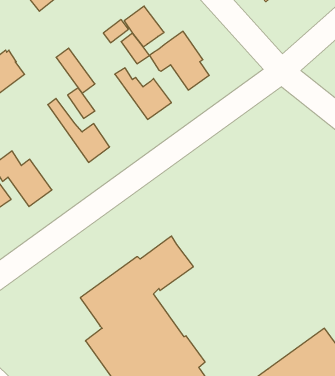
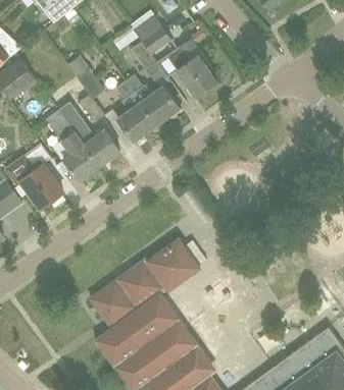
building: none -> [114,80,155,141]
building: none -> [45,110,98,183]

